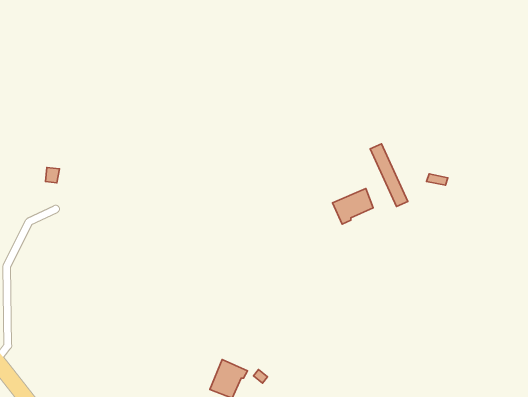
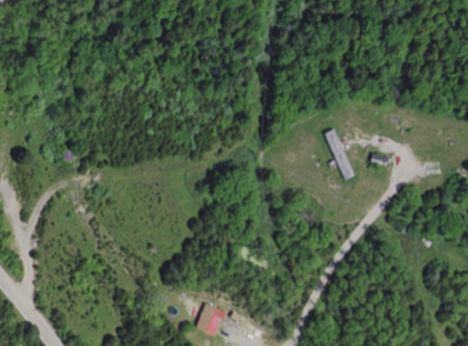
building: [333,189,373,224] -> none

